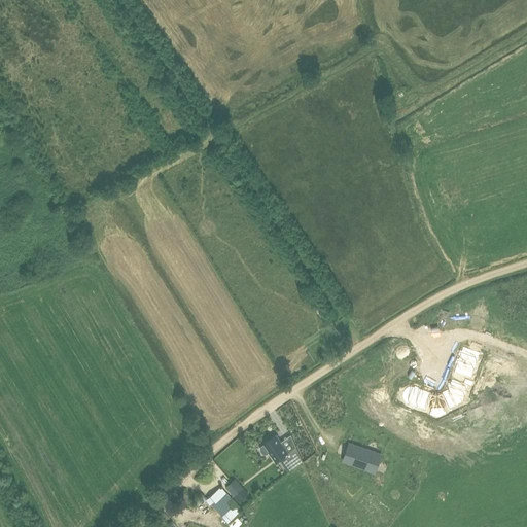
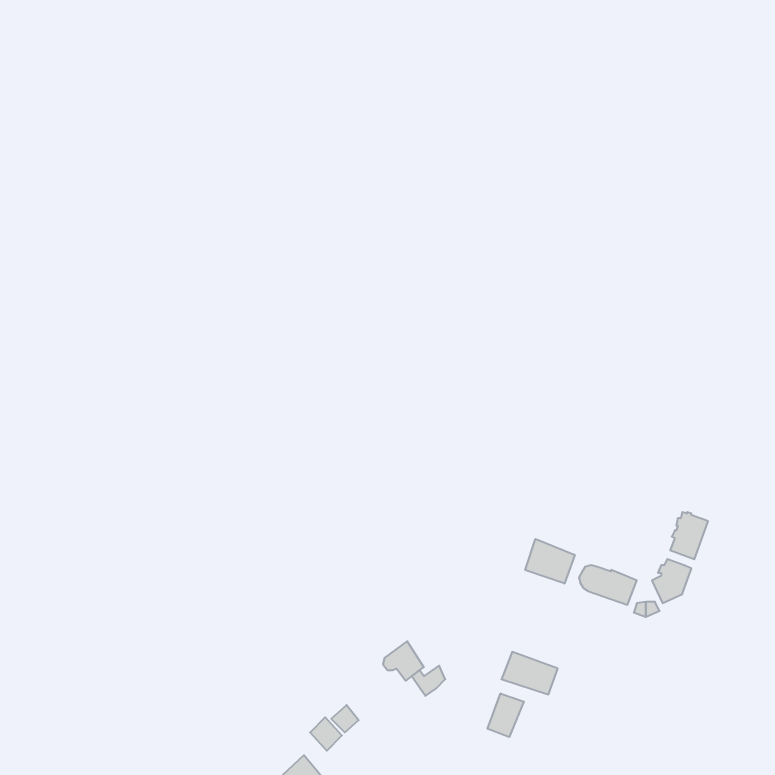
building: none -> [525,539,575,584]
building: none -> [488,693,524,737]

